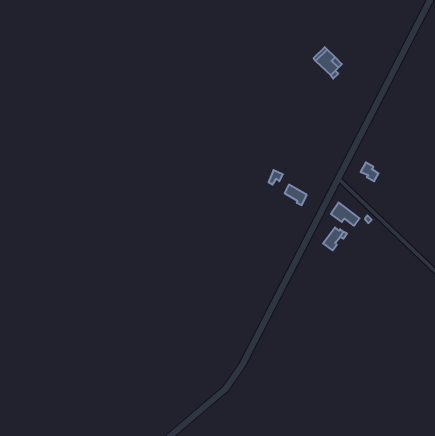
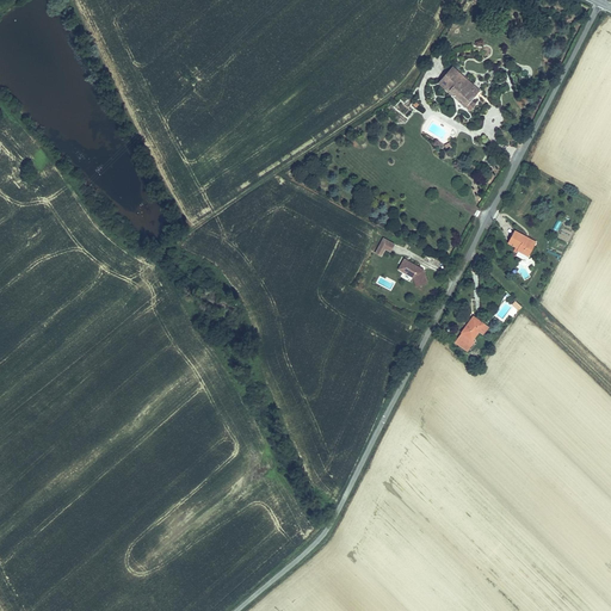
building: [331,202,360,226] -> none

